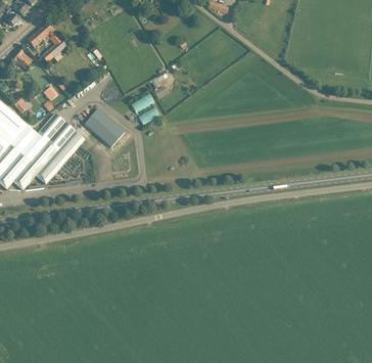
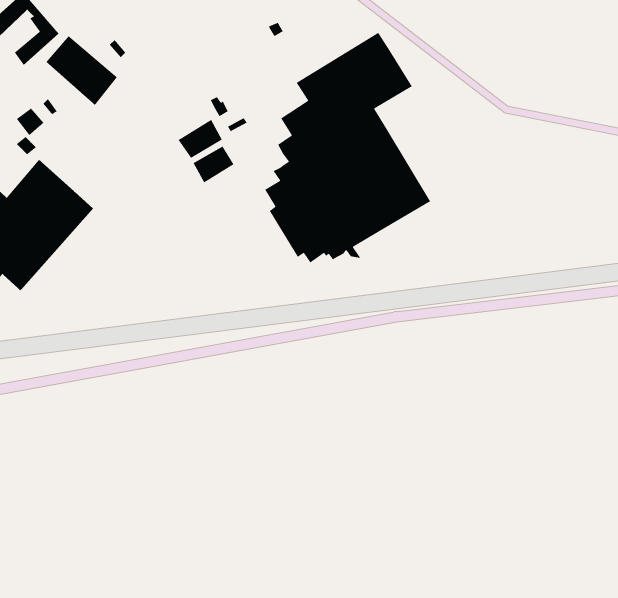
building: none -> [264,32,431,263]
building: [85,108,124,146] -> [46,35,118,106]

